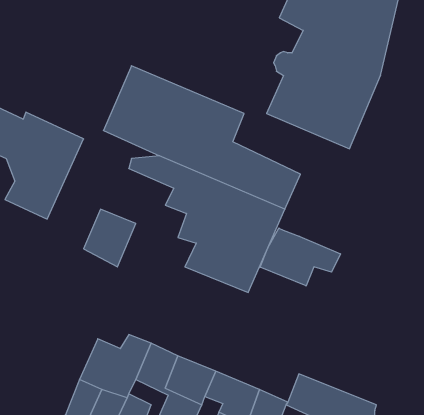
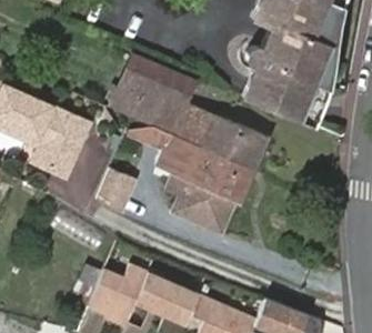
building: [260,228,340,286] -> none

